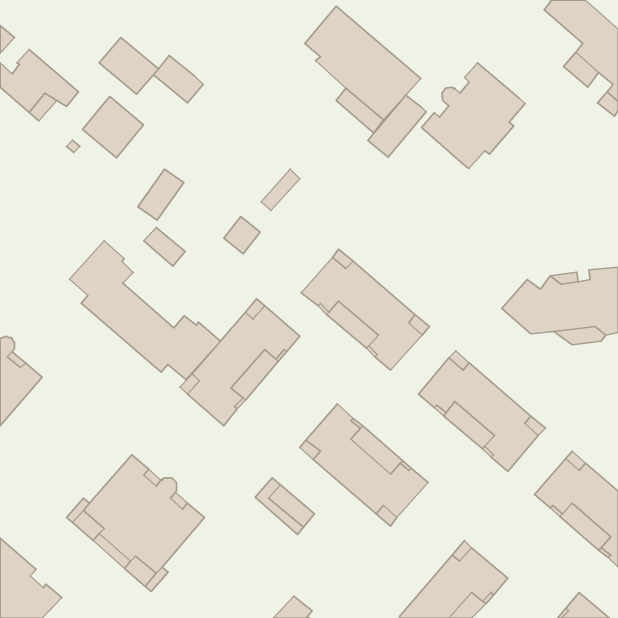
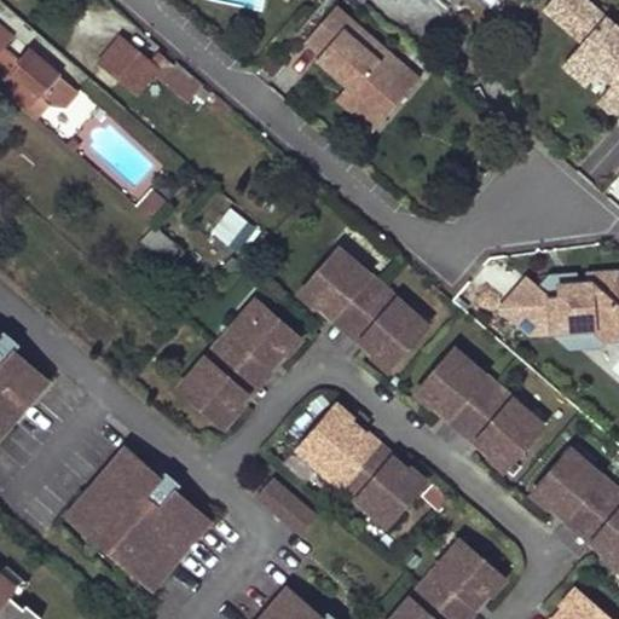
building: [422,63,525,168] -> none
building: [368,95,426,157] -> none
building: [83,97,144,158] -> none
building: [70,241,220,379] -> none

